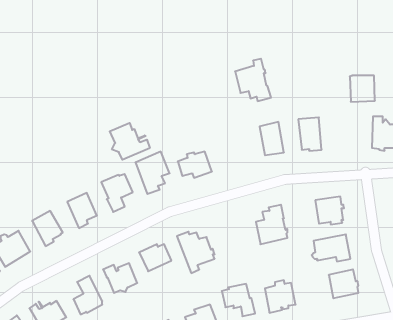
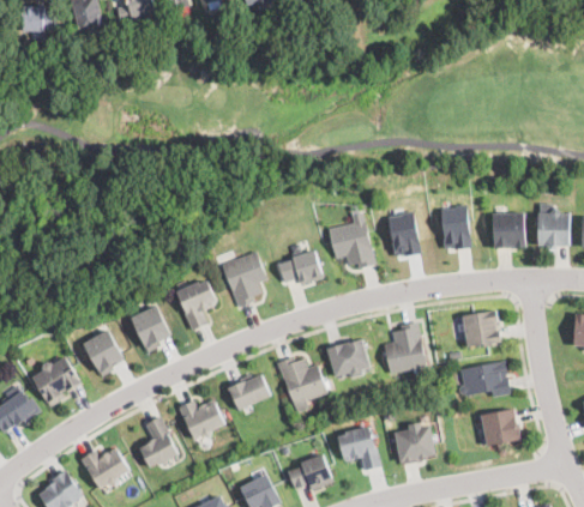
building: [235,59,271,101] -> [327,212,375,268]
building: [350,76,375,102] -> [492,213,525,248]
building: [110,123,150,160] -> none
building: none -> [325,339,369,378]

